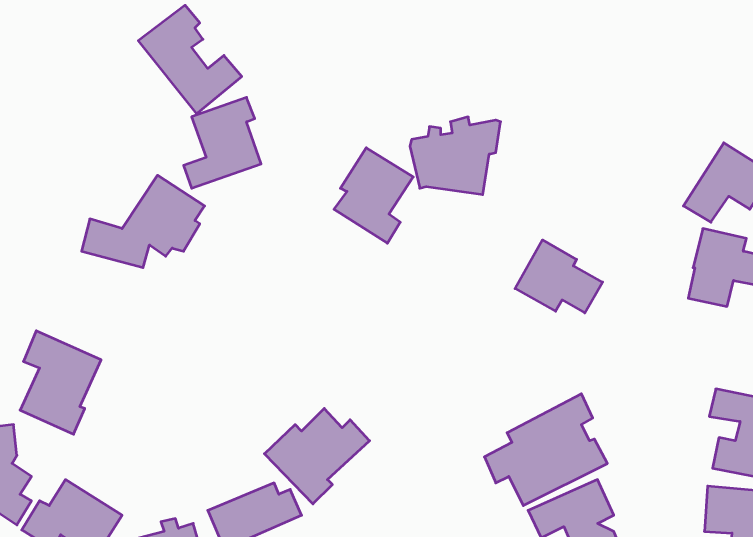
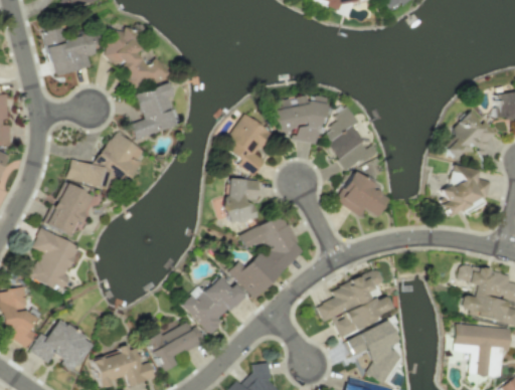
building: none -> [44,26,97,75]
building: none -> [327,108,377,172]
building: none -> [219,178,260,221]
building: none -> [44,181,94,237]
building: none -> [228,214,304,298]

